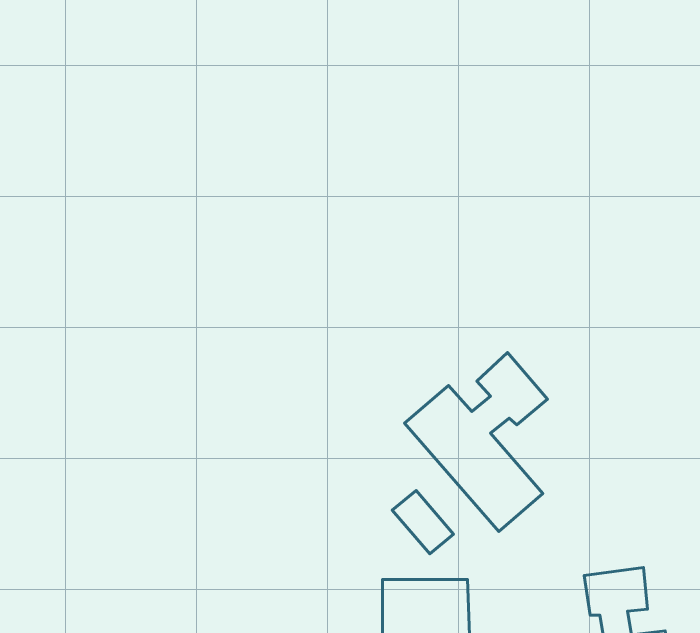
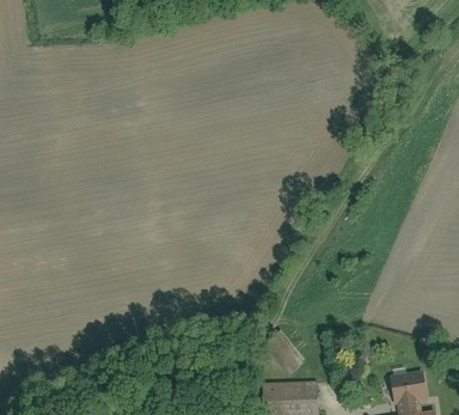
building: [404,352,548,531] -> none

